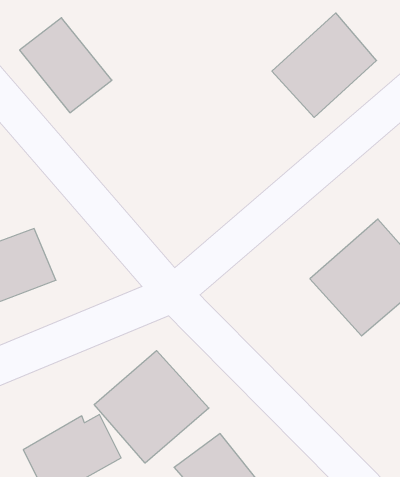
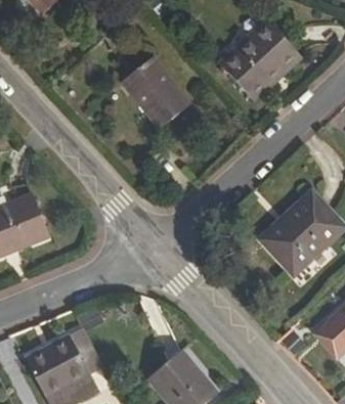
building: [20,18,112,113] -> [118,66,187,138]
building: [94,351,209,463] -> none

